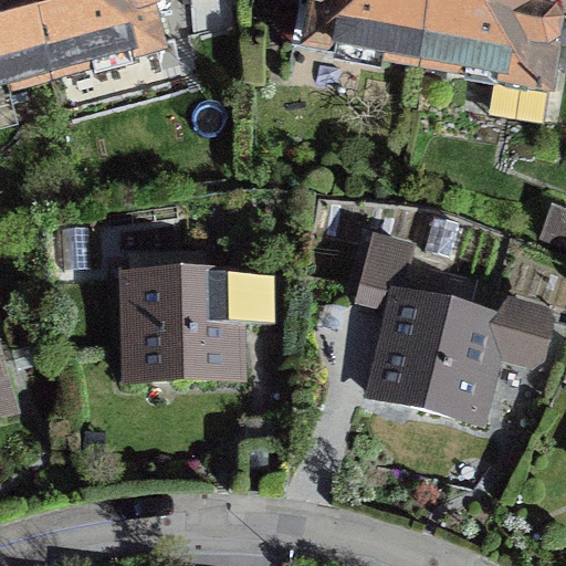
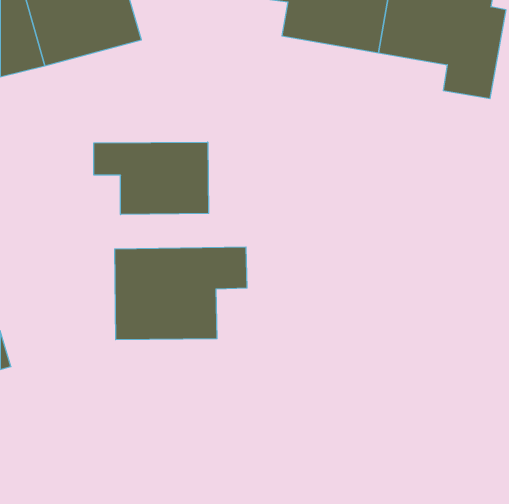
building: none -> [94,142,209,215]
building: [363,237,543,419] -> none

